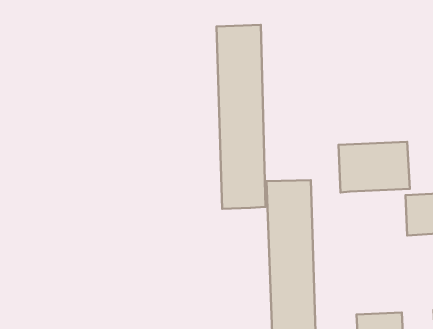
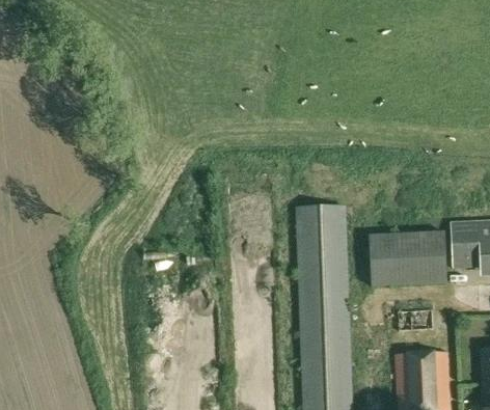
building: [216,25,266,209] -> none
building: [339,142,410,193] -> [369,231,447,288]

